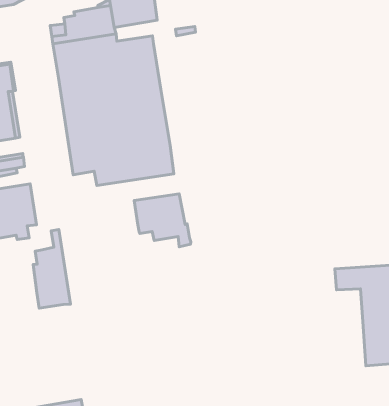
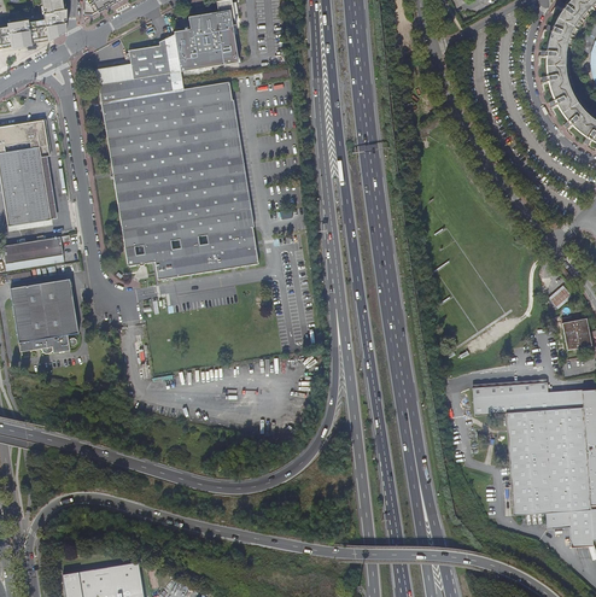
building: [134,194,191,247] -> none
building: [33,229,71,308] -> none

